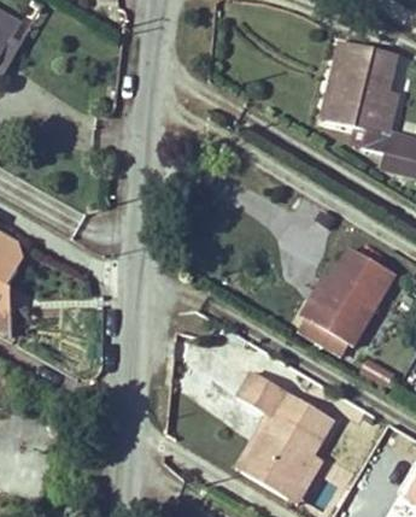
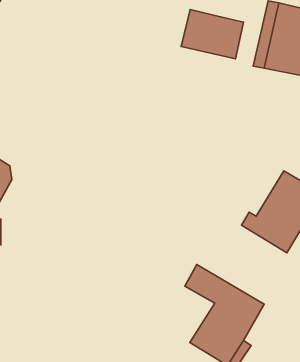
building: none -> [181,10,243,59]

